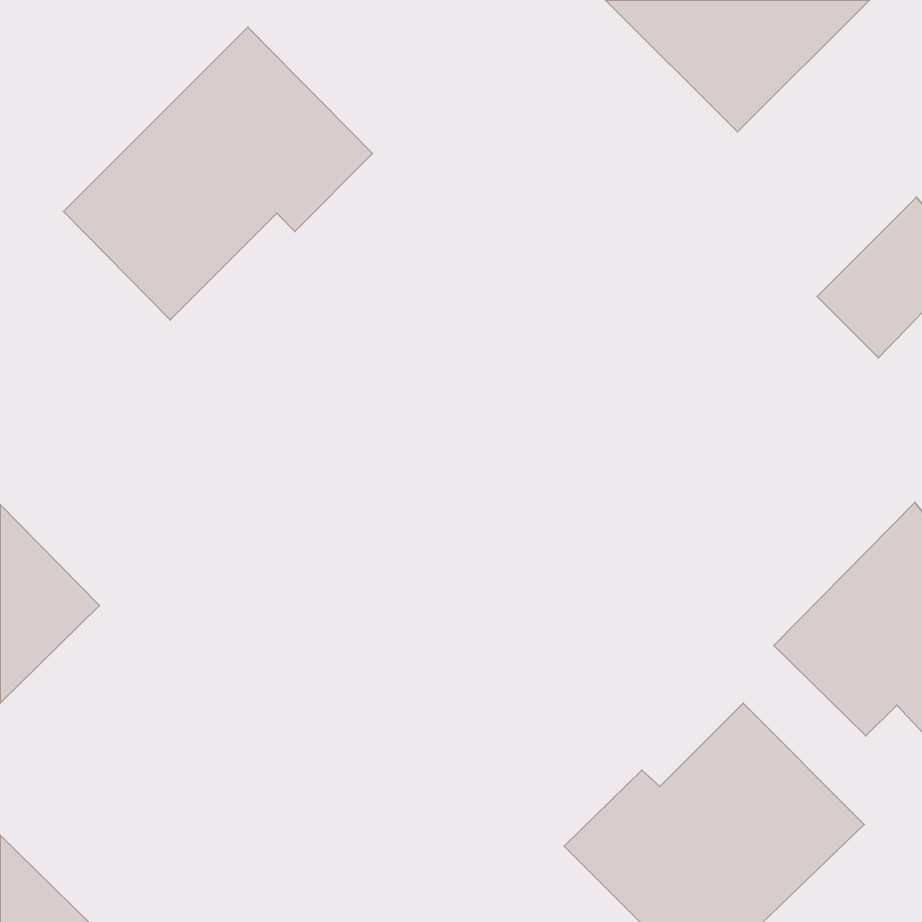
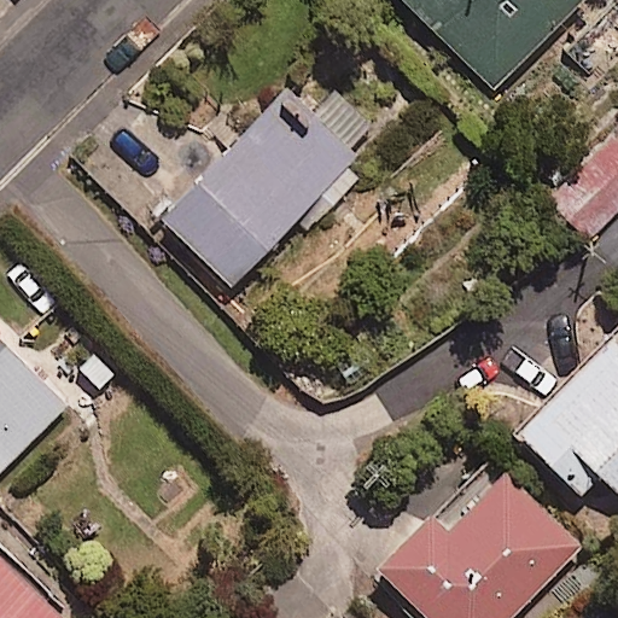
building: [64,27,373,320] -> [158,89,365,285]

